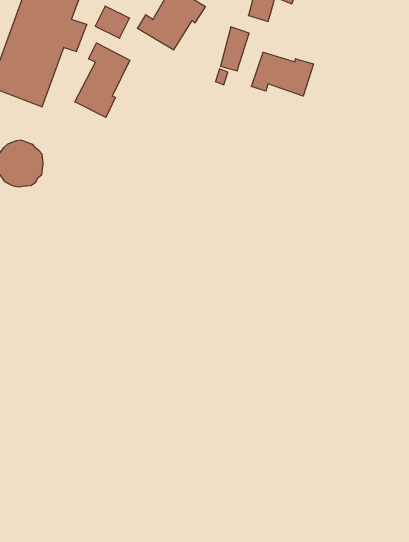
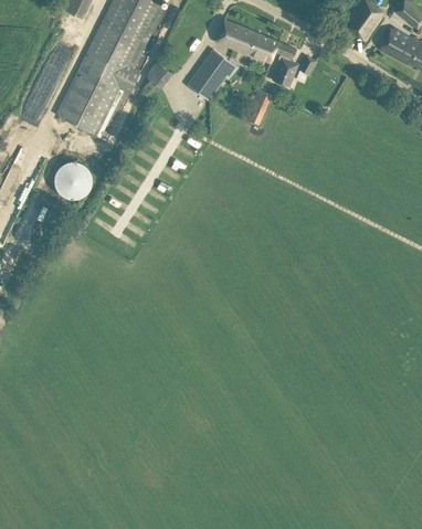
building: [75,43,130,117] -> none
building: [252,52,313,96] -> none

